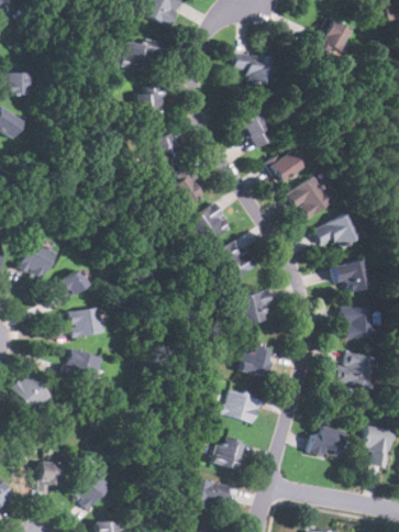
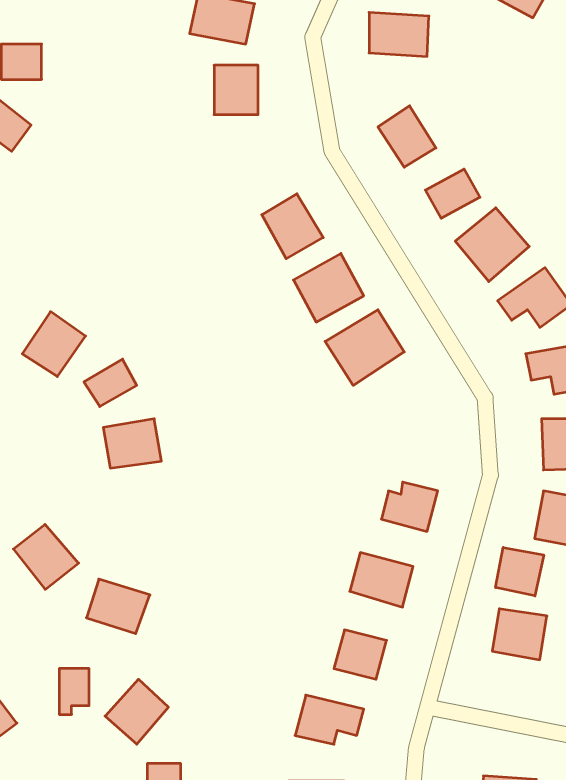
building: [145,131,181,166] -> none
building: [239,288,273,323] -> none
building: [64,347,103,381] -> [86,579,150,634]
building: none -> [496,547,544,596]

